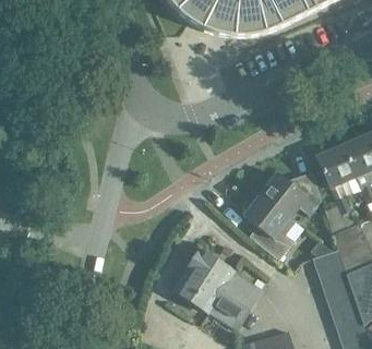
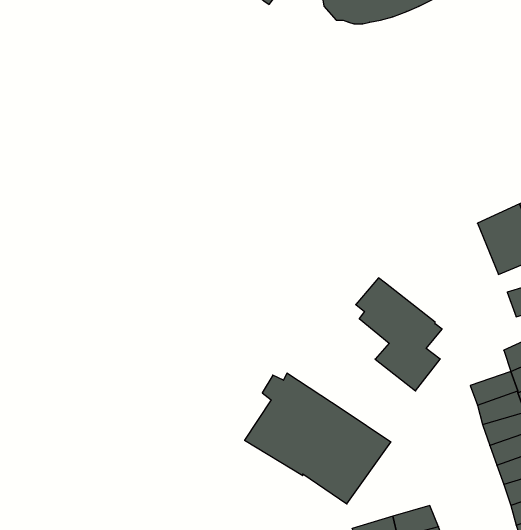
building: [261,171,323,217] -> none

